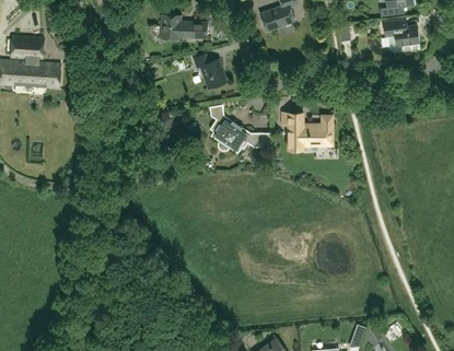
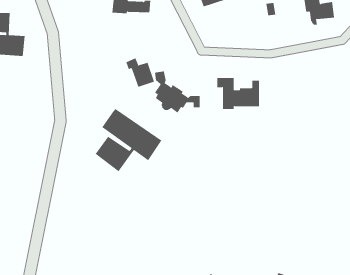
building: [194,52,228,87] -> [125,57,155,88]
building: none -> [95,108,162,172]

